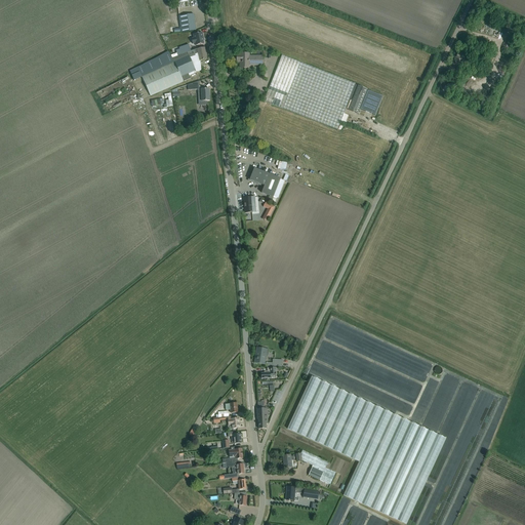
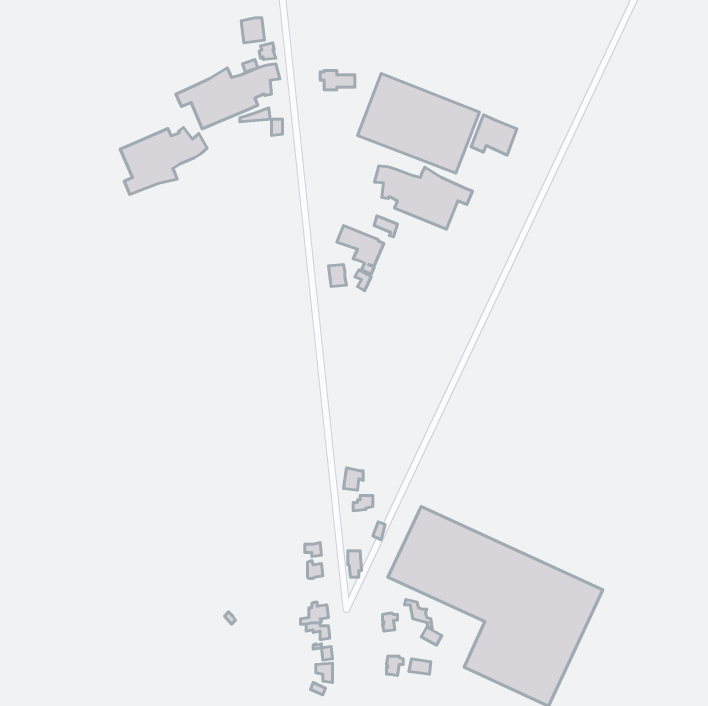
building: none -> [120,127,207,195]
building: none -> [374,166,473,229]

